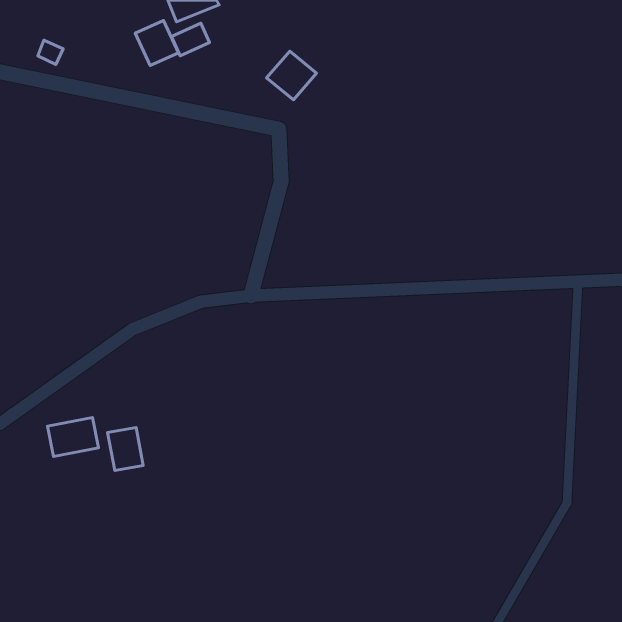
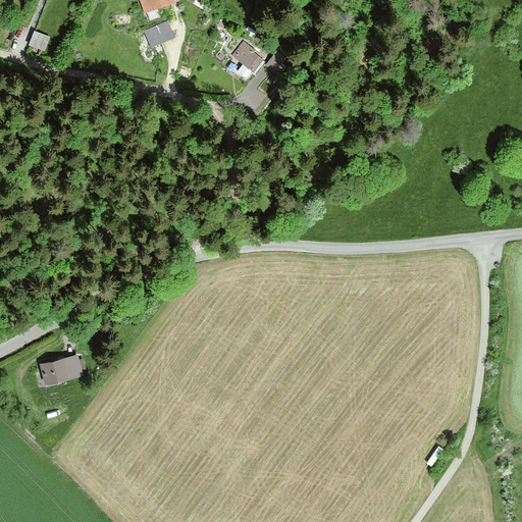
building: [135,21,178,66] -> none
building: [108,427,143,471] -> none

